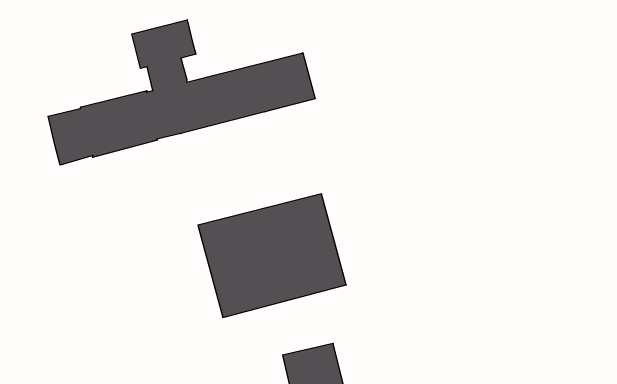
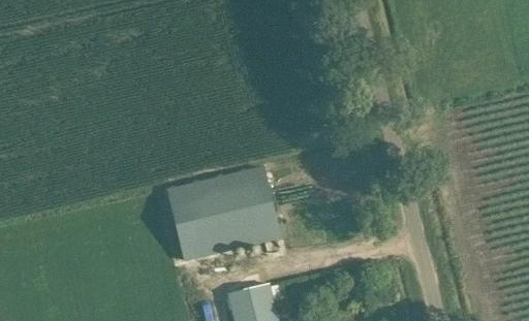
building: [48,20,315,165] -> none

